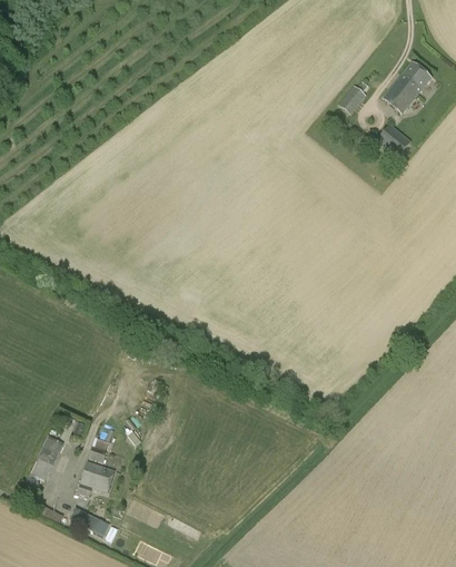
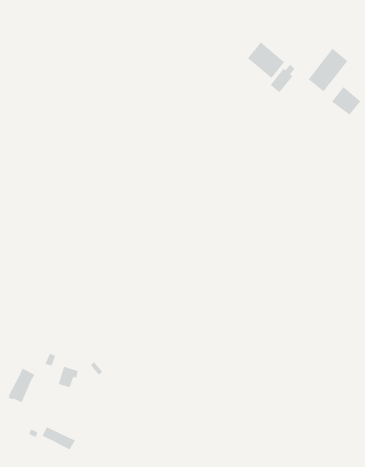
building: none -> [247,42,285,79]
building: [375,123,410,157] -> [331,86,361,116]
building: [78,460,115,495] -> none

